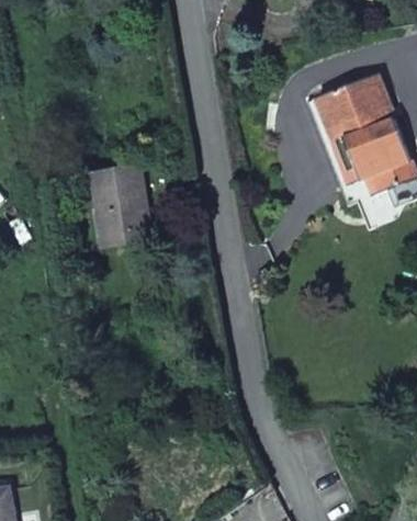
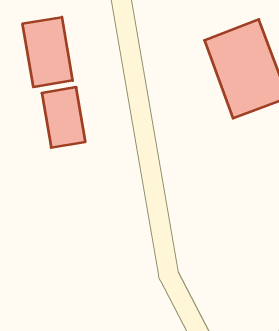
building: none -> [23,17,73,87]

